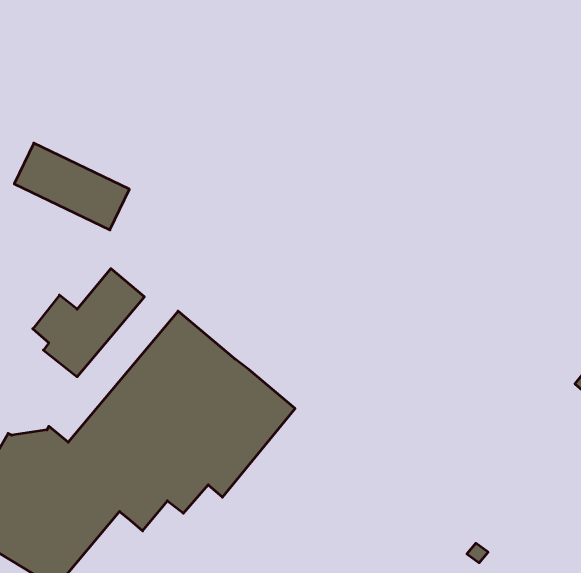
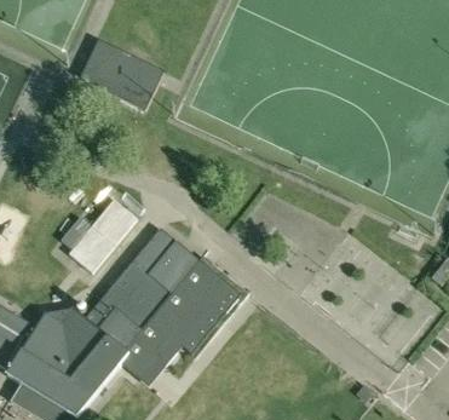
building: [14,143,129,230] -> [80,51,159,110]

